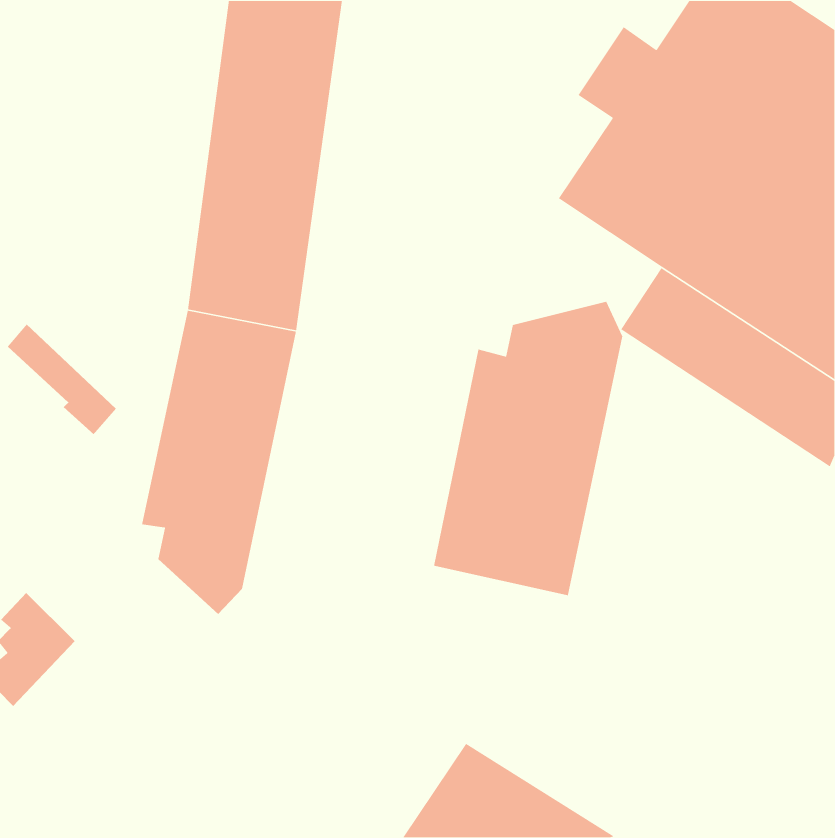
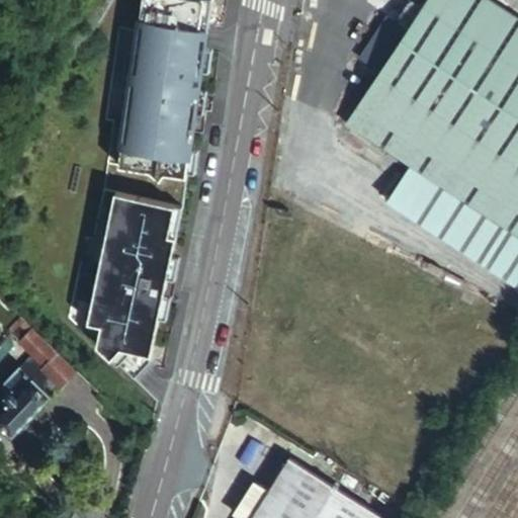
building: [433,301,623,596] -> none
building: [7,324,117,435] -> [7,319,75,387]

